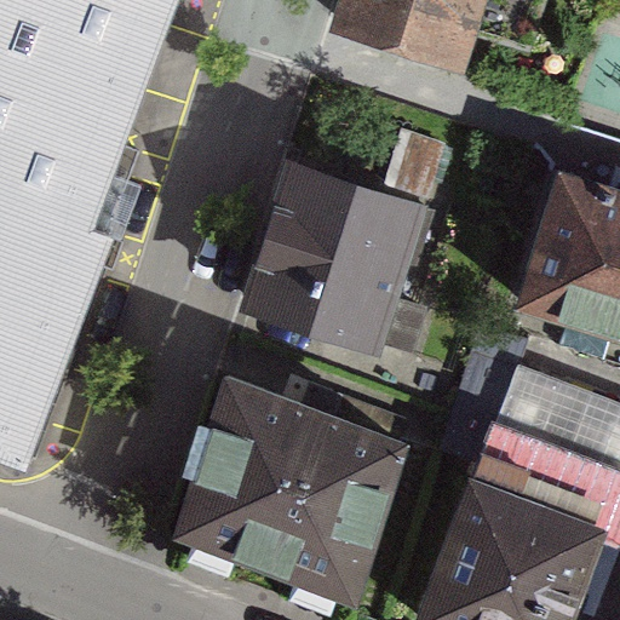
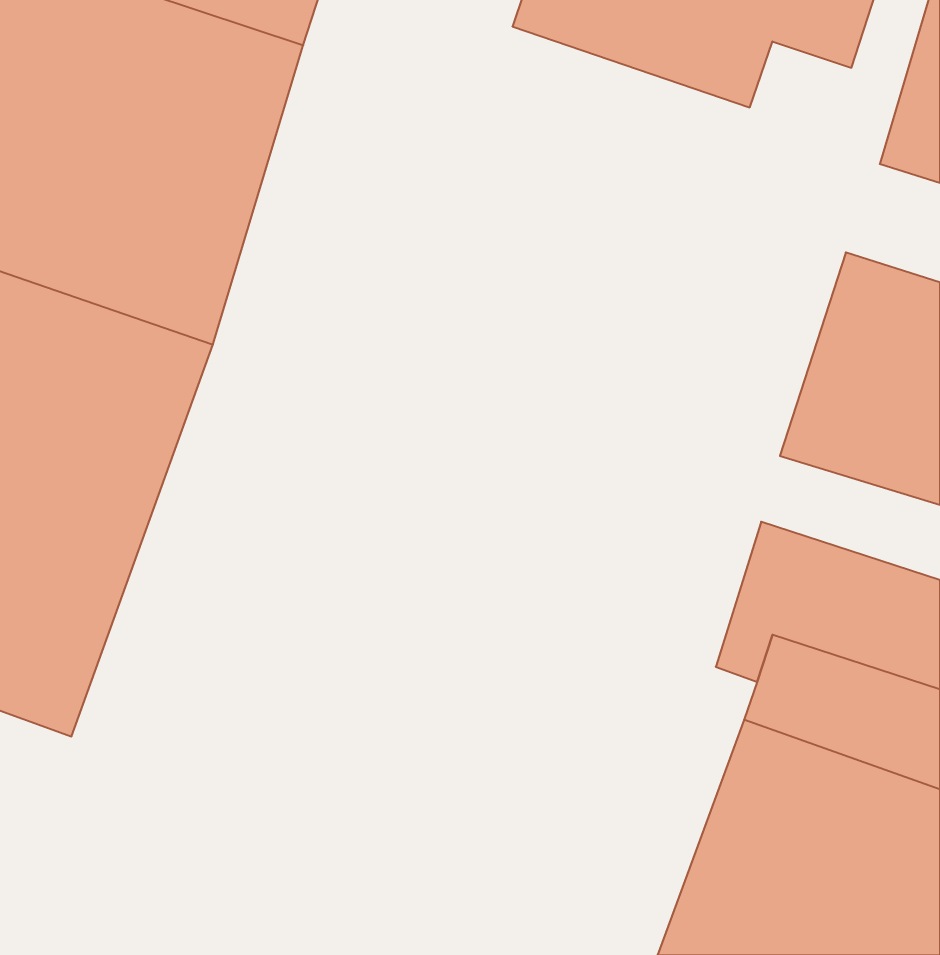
building: [241,165,436,349] -> none
building: [168,403,381,602] -> none

